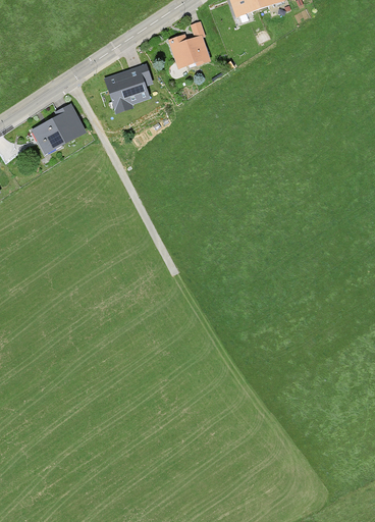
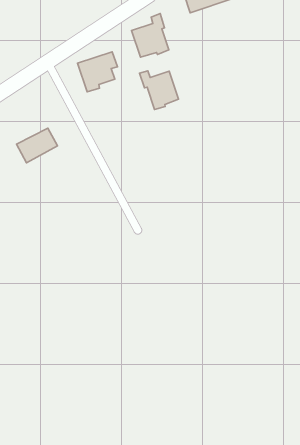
building: none -> [139,71,178,110]
building: [34,108,81,148] -> [17,128,57,163]

